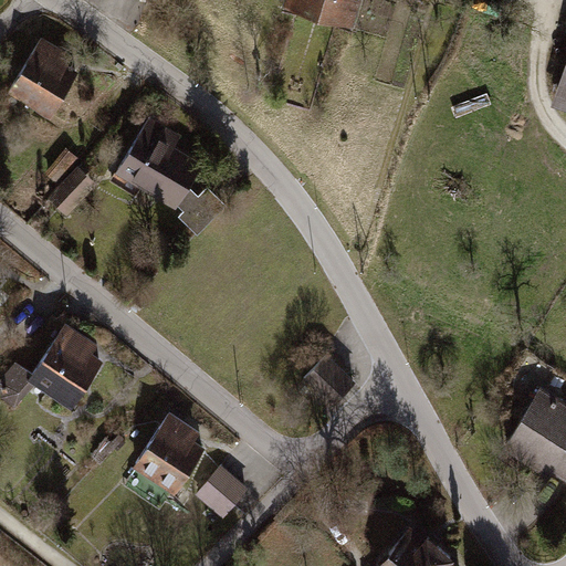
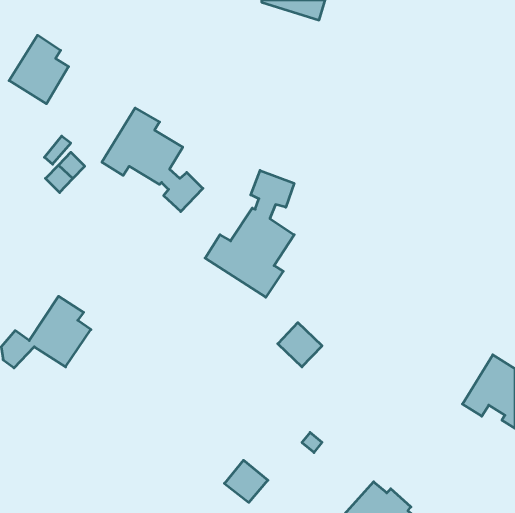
building: none -> [205,170,294,297]
building: [136,416,201,491] -> none
building: [198,468,245,514] -> [224,460,268,502]

